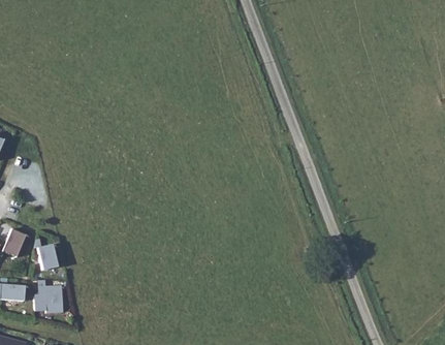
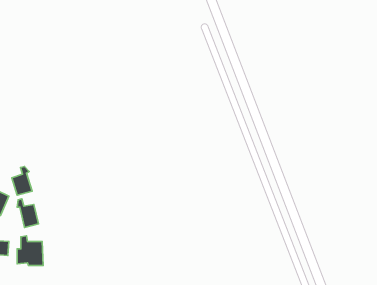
building: none -> [12,166,32,195]

